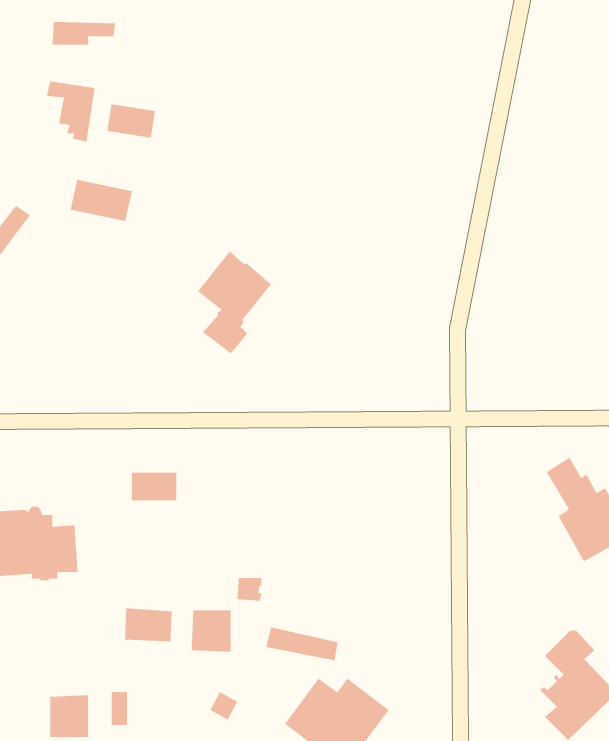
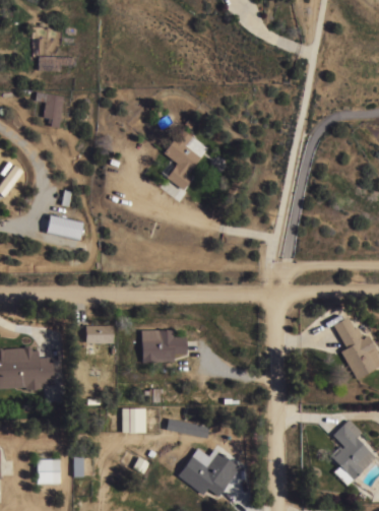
building: [107,104,156,138] -> none
building: [70,179,133,222] -> [46,214,83,240]
building: [197,250,272,354] -> [163,128,207,190]
building: none -> [141,329,187,363]
building: [125,608,172,642] -> none

